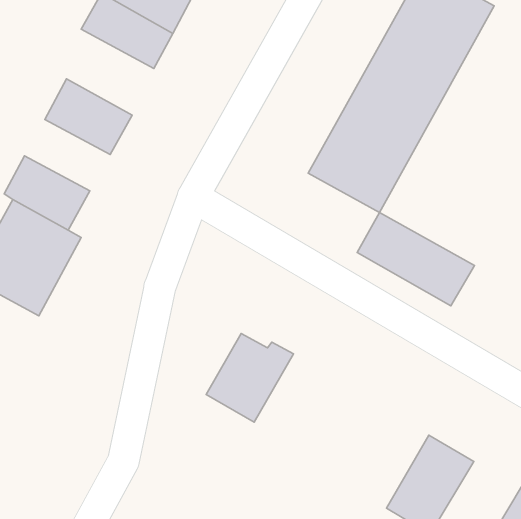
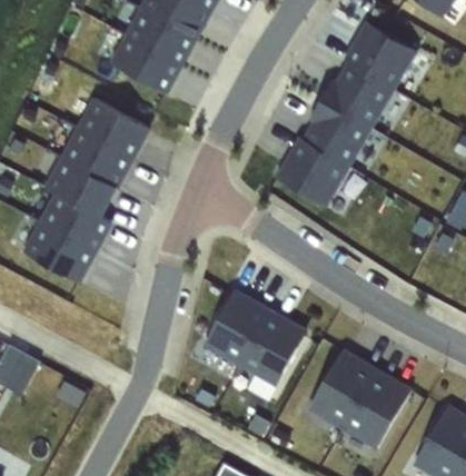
building: none -> [63,131,129,186]
building: [357,213,474,306] -> none
building: none -> [239,310,303,384]
building: none -> [307,354,373,428]

